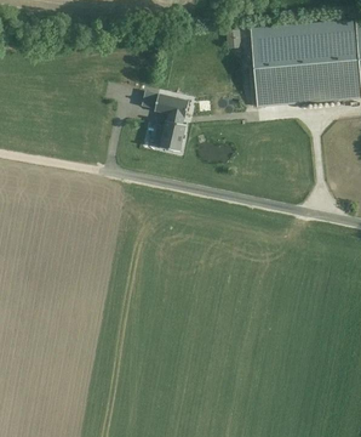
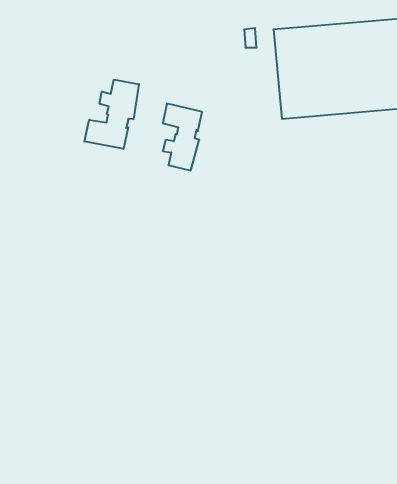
building: none -> [84,80,139,149]

